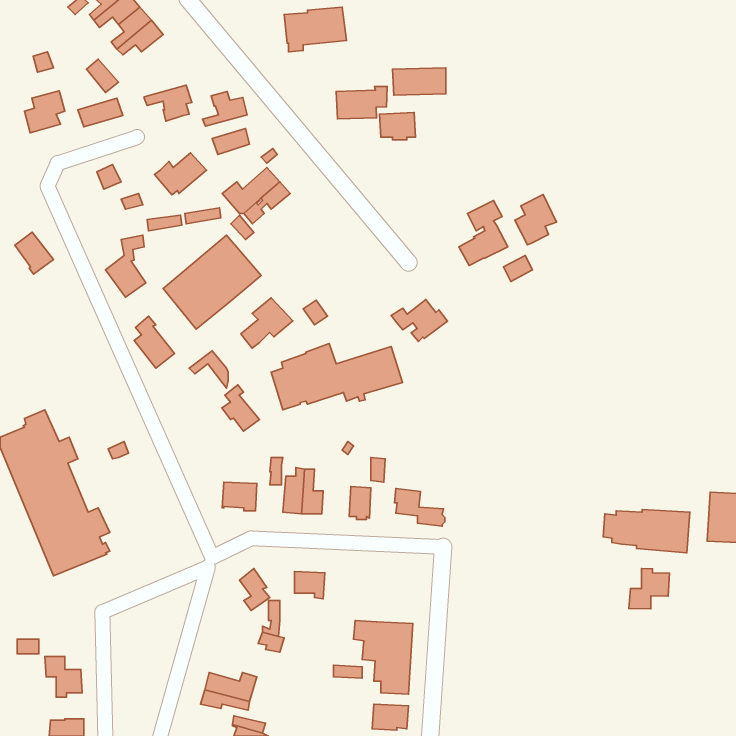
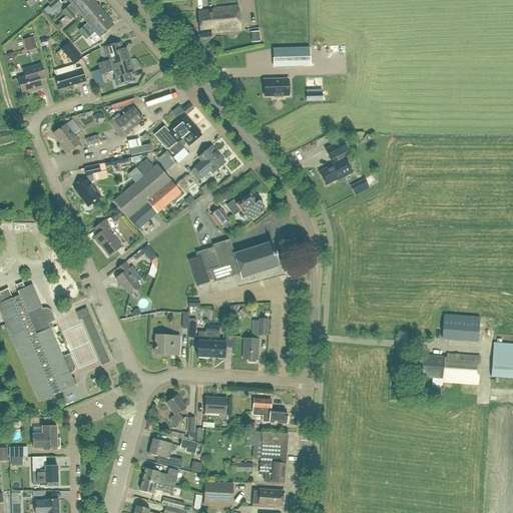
building: [336,87,387,119] -> none
building: [202,92,247,126] -> [99,43,130,67]
building: [515,194,557,245] -> none
building: [15,232,54,274] -> [53,123,80,152]
building: [241,298,293,348] -> [190,145,226,180]
building: [391,300,447,342] -> [226,193,266,222]
building: [222,385,259,431] -> [115,262,141,294]
building: none -> [443,314,480,341]
building: [394,489,445,526] -> [253,397,289,423]
building: [629,569,670,609] -> none
building: none -> [33,425,59,449]
building: none -> [148,438,179,466]
building: none -> [204,482,233,505]

